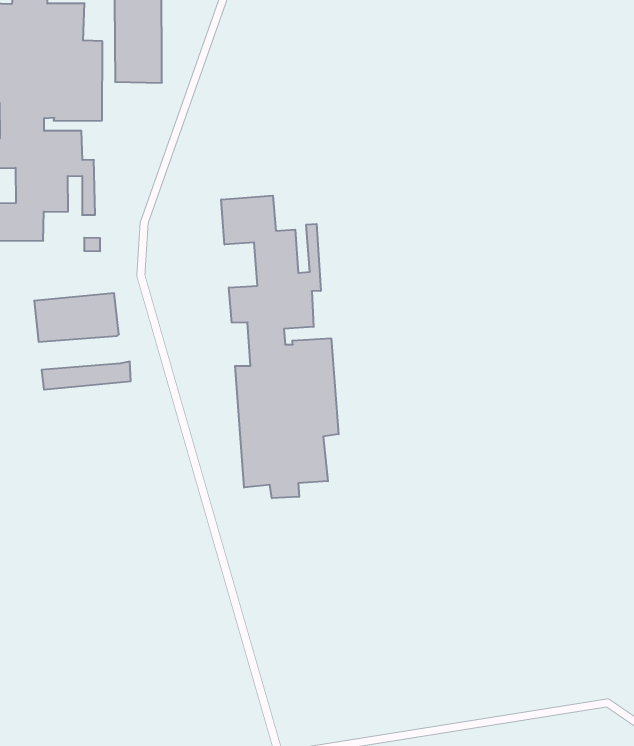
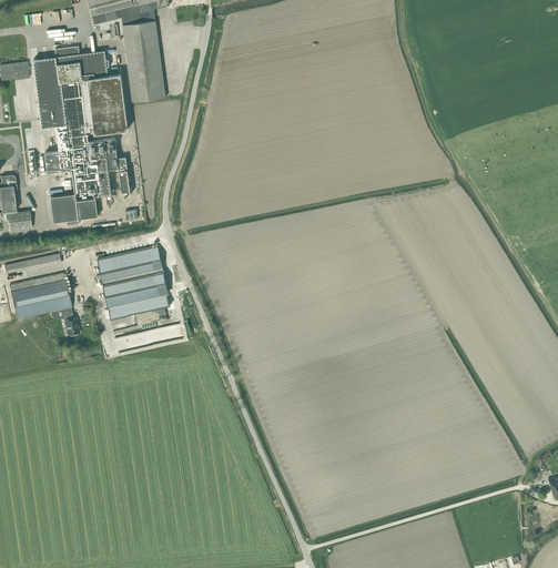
building: [221,196,339,498] -> none
building: none -> [103,275,161,305]

